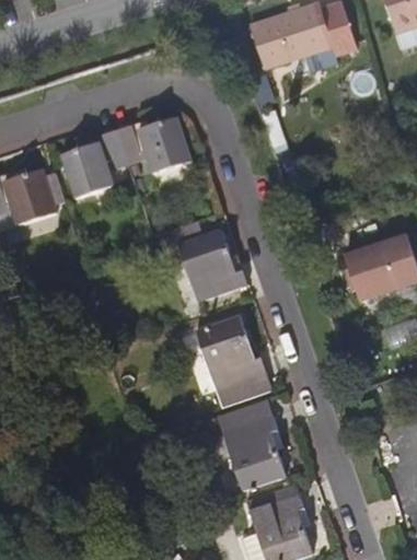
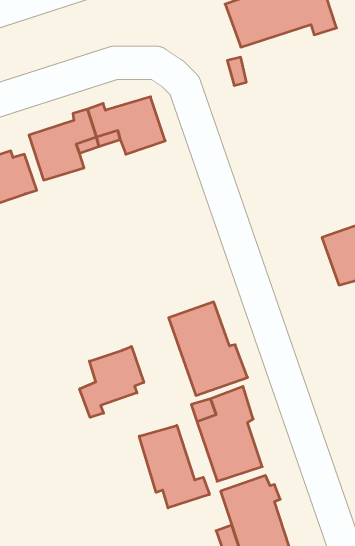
building: [171,221,247,302] -> none
building: none -> [80,346,144,417]
building: none -> [139,425,209,508]

